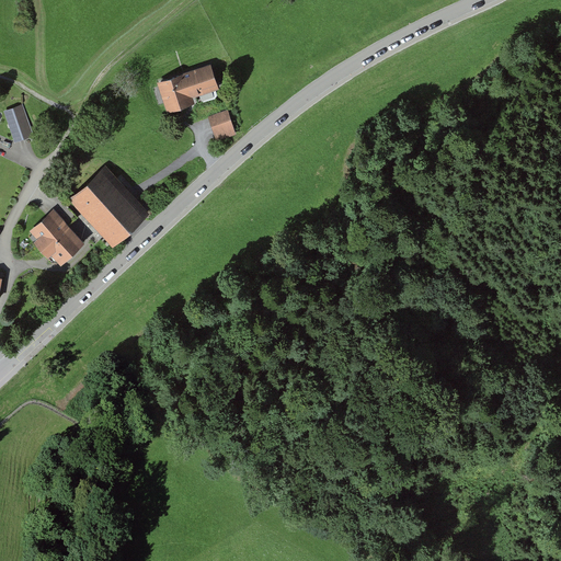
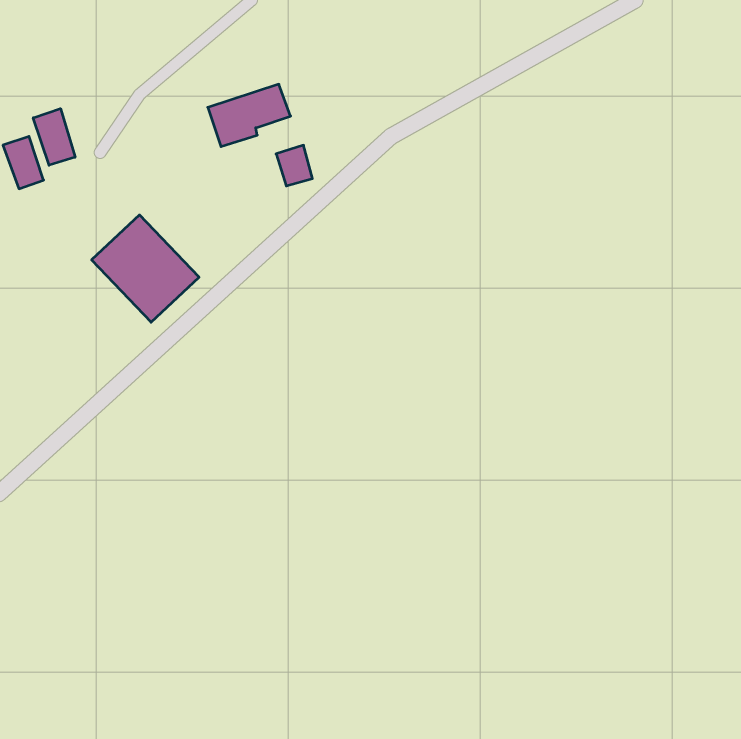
building: none -> [33,109,75,165]
building: [28,210,83,266] -> none

